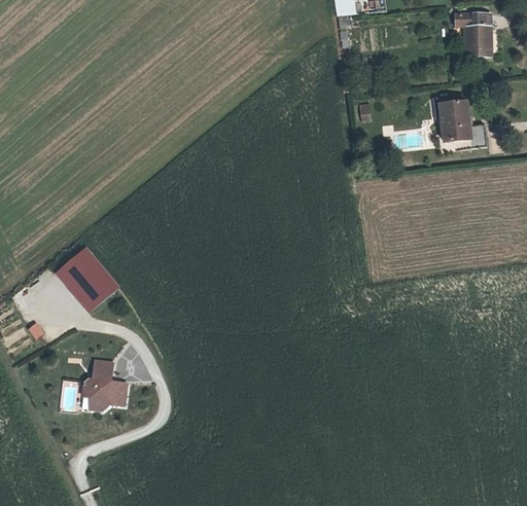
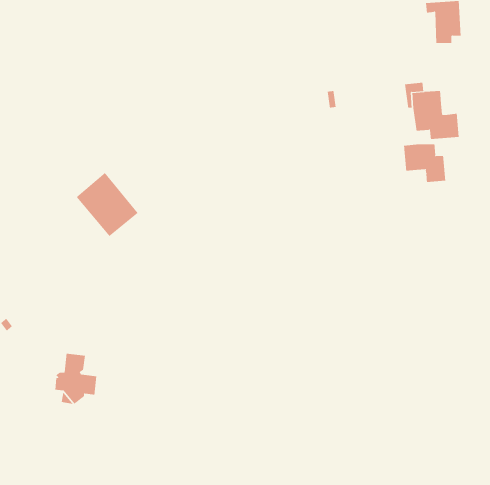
building: none -> [403,143,446,183]
building: [59,248,120,312] -> [76,172,138,237]

